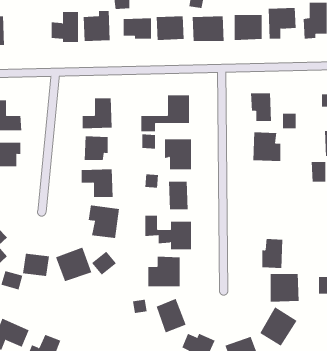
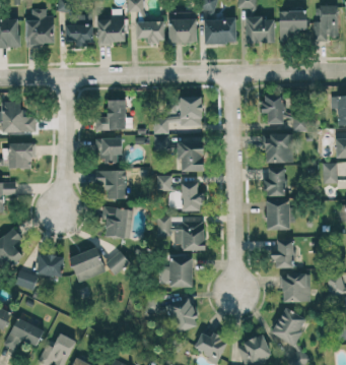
building: none -> [24,8,55,45]
building: none -> [266,168,285,196]
building: none -> [266,200,289,230]

